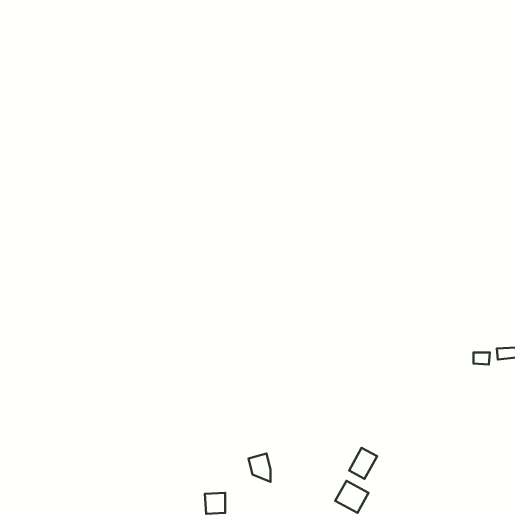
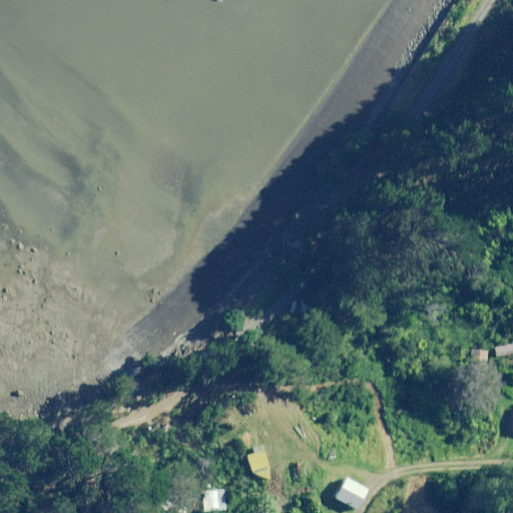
building: [349,448,377,479] -> none

